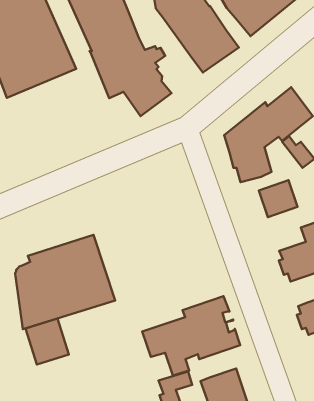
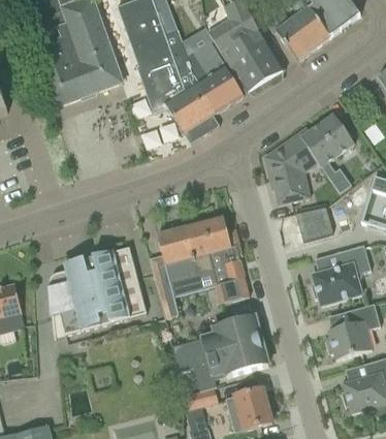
building: none -> [186,46,243,112]
building: none -> [149,217,249,317]
building: [26,318,69,365] -> none

